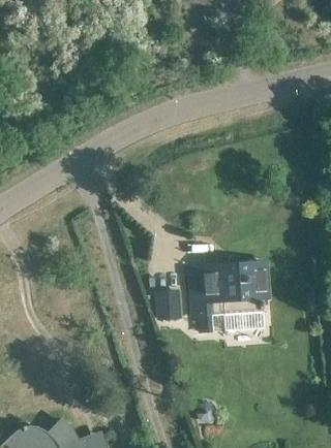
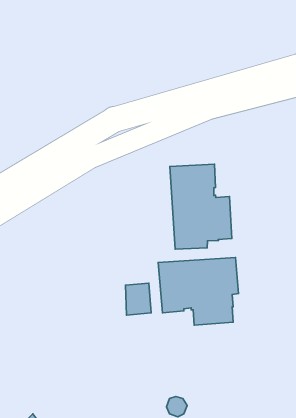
building: none -> [170,164,232,249]

